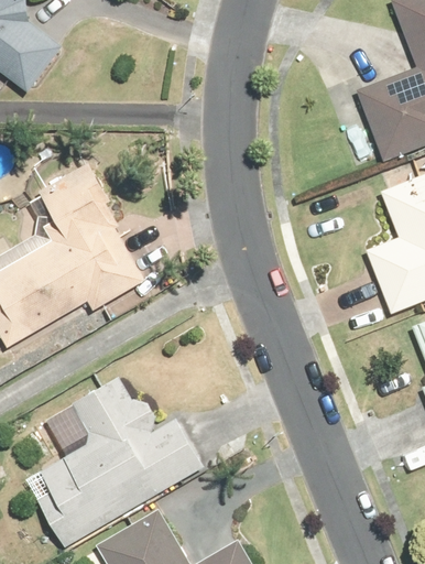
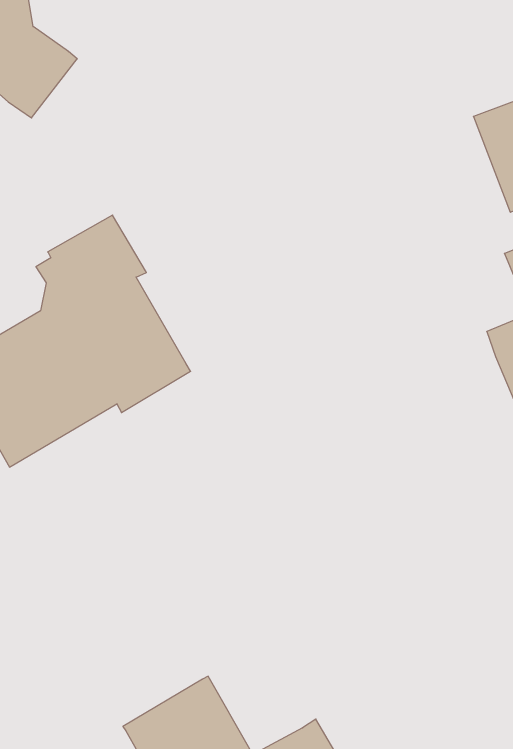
building: [37,378,205,546] -> none

